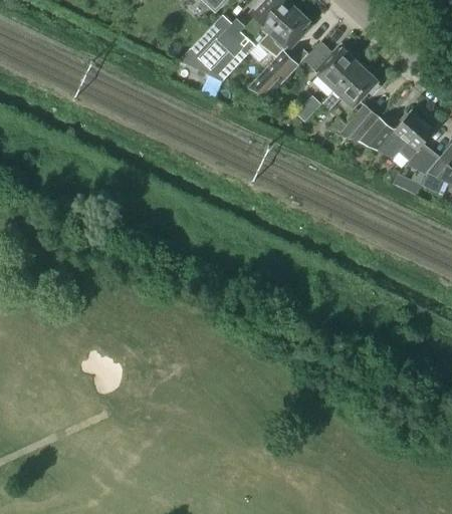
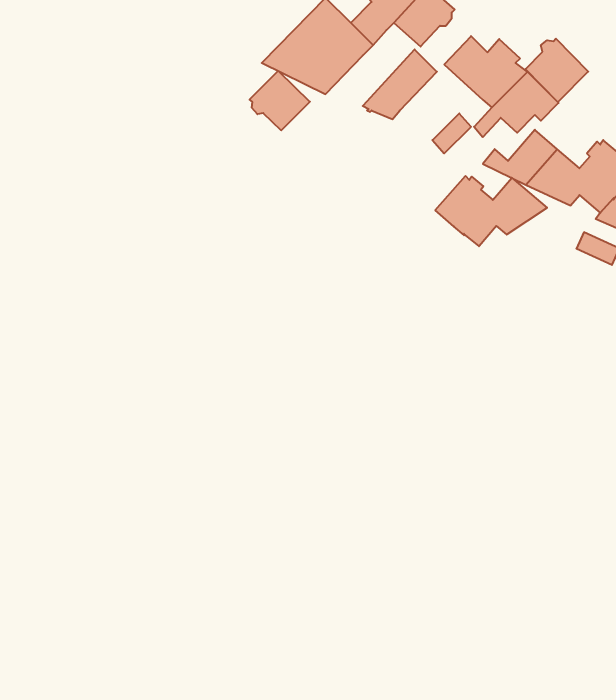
building: none -> [525,39,588,102]
building: none -> [250,71,310,130]
building: none -> [435,176,547,246]

